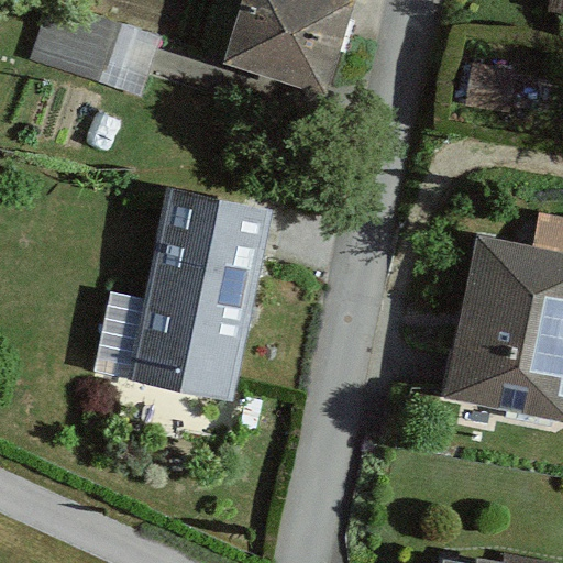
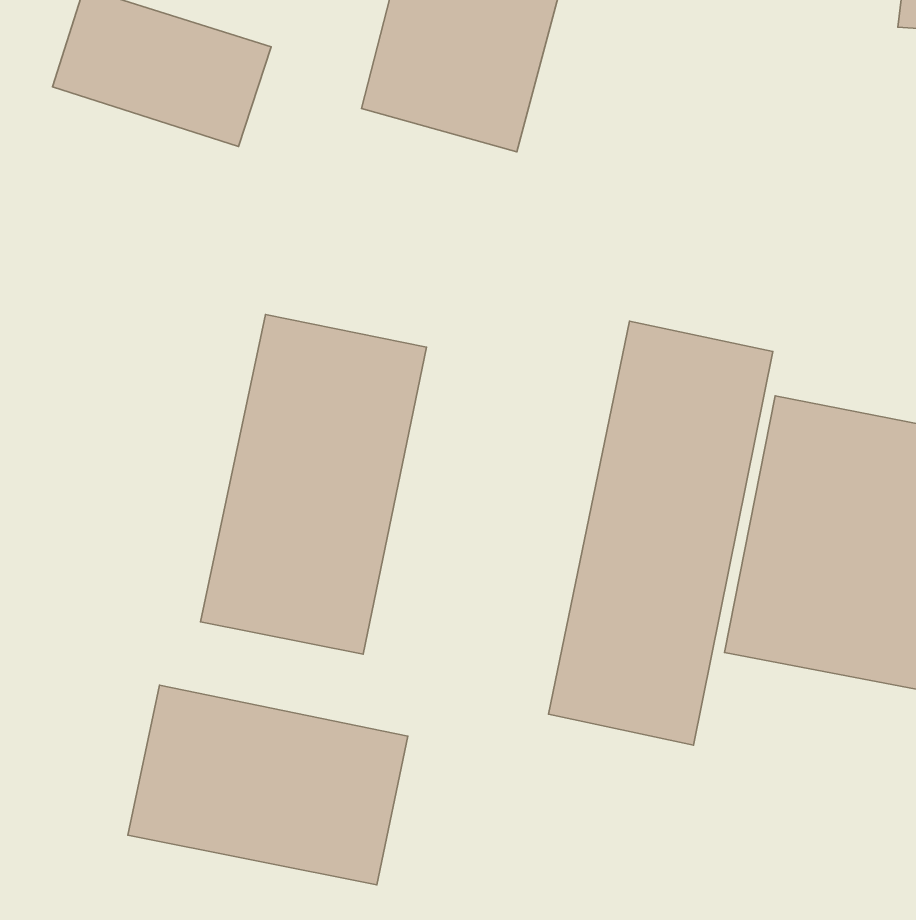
building: none -> [549,321,773,745]
building: none -> [128,685,408,885]

